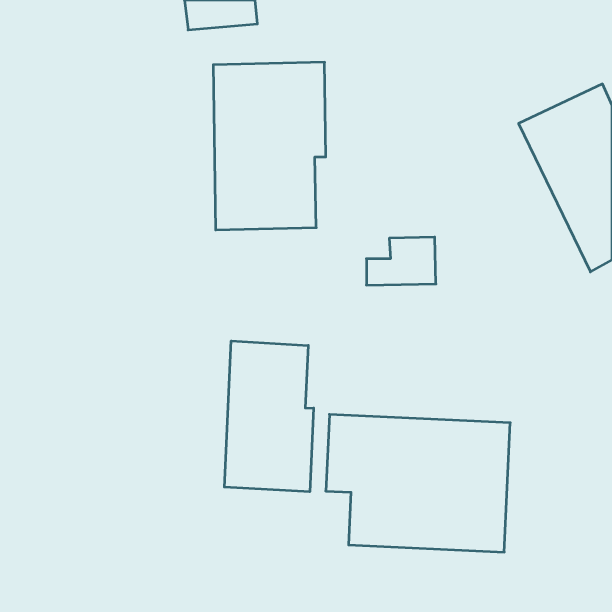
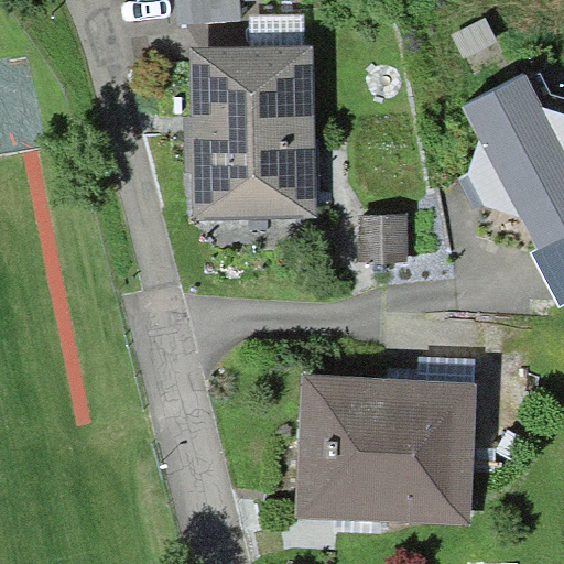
building: [224,341,314,492] -> none

